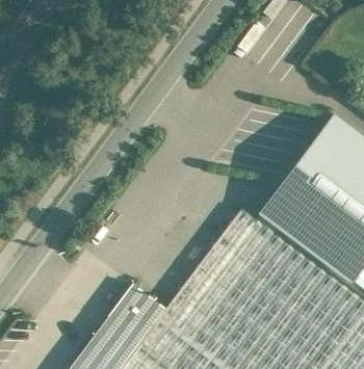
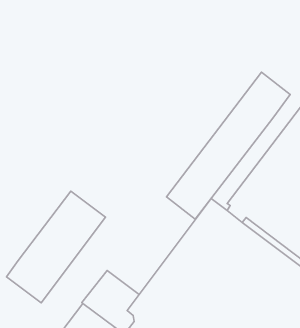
building: none -> [166,72,290,219]
building: none -> [7,191,105,303]

